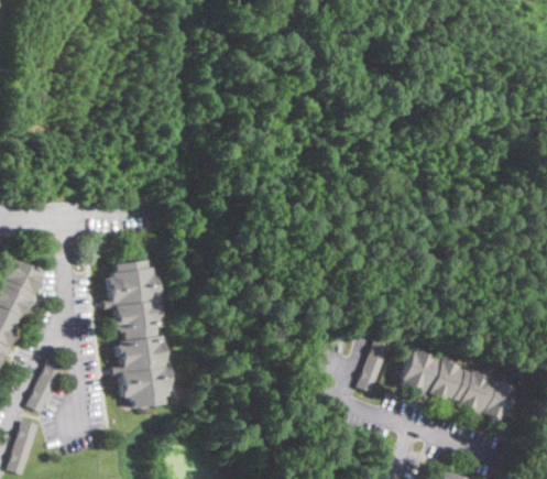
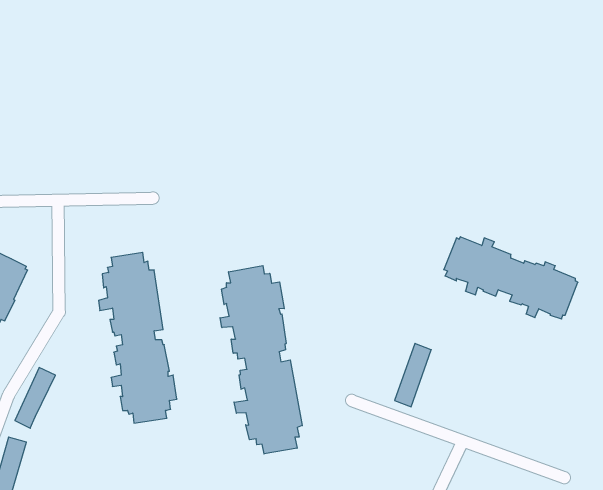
building: none -> [220,266,302,454]
building: [401,350,517,422] -> [444,237,578,319]

